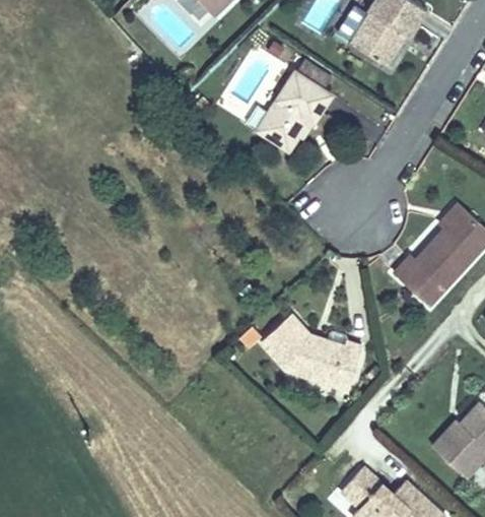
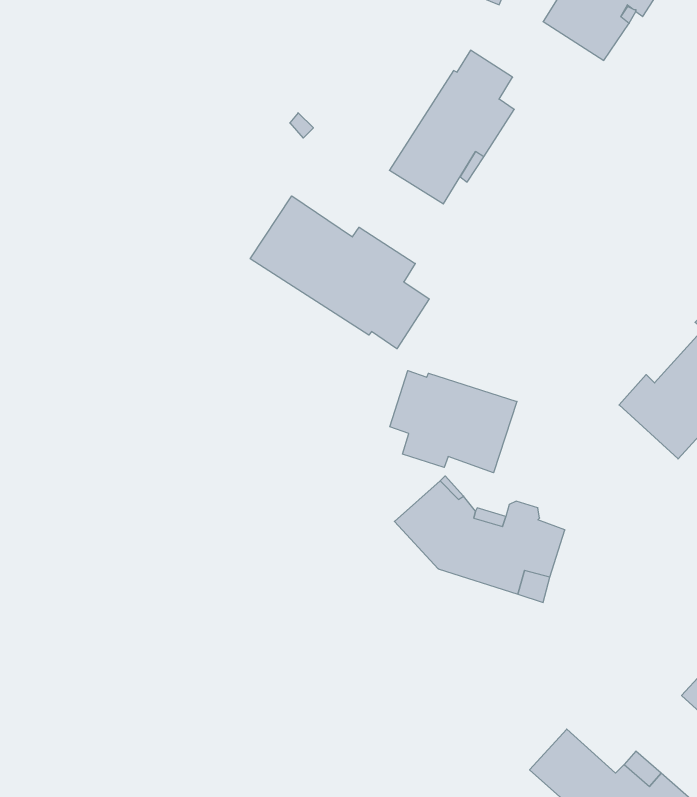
building: none -> [250,196,429,349]
building: none -> [390,371,517,473]

